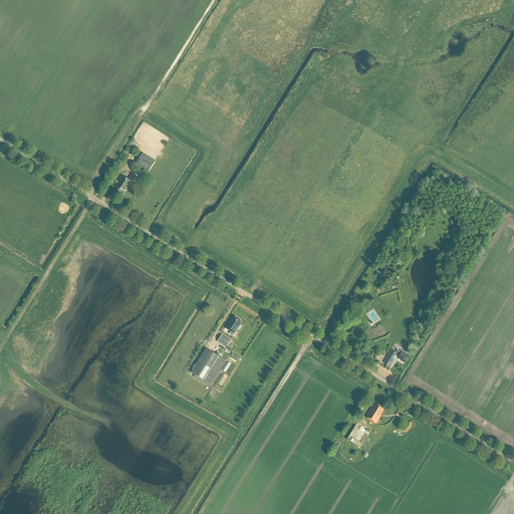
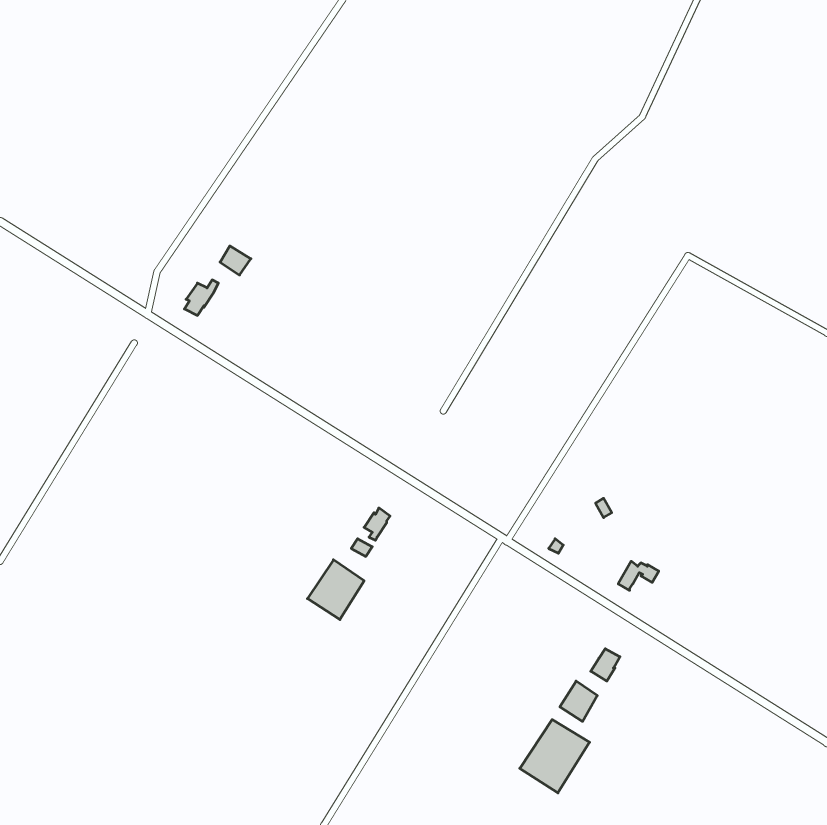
building: none -> [520,720,590,793]

